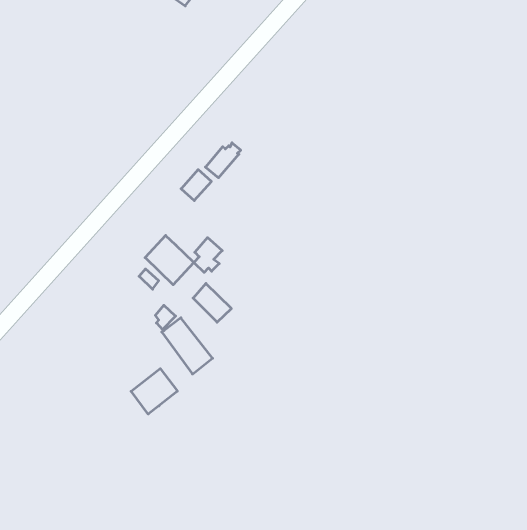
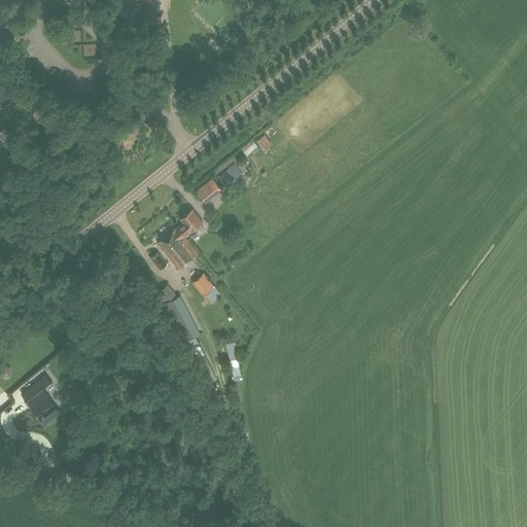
building: [194,238,222,272] -> [176,209,201,237]
building: [131,369,177,414] -> none
building: none -> [27,376,60,421]

